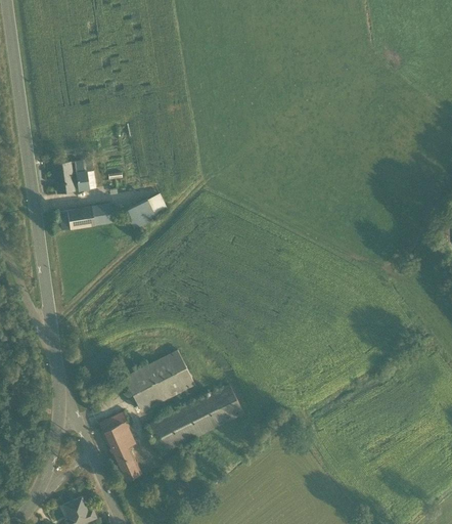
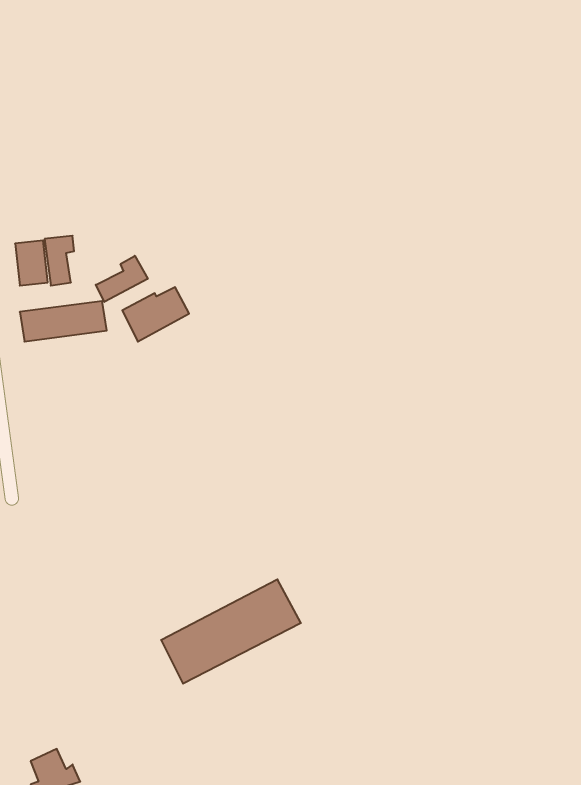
building: none -> [96,256,148,302]
building: [124,348,196,412] -> none
building: [100,413,143,481] -> none

